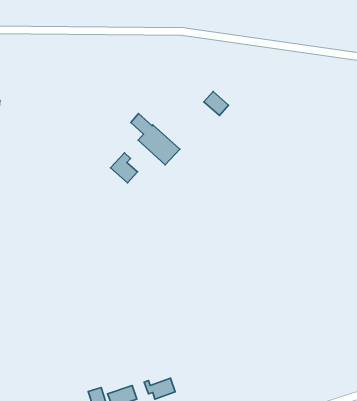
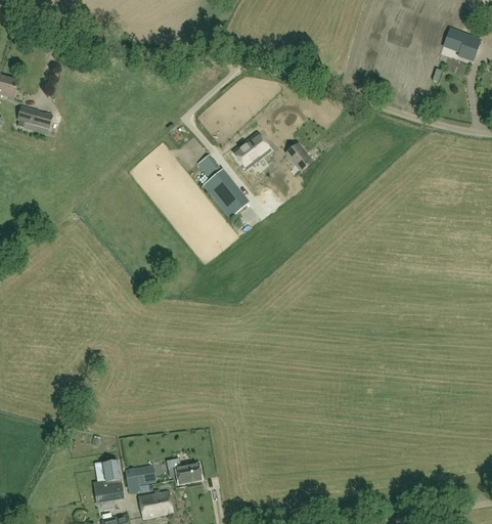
building: none -> [233,132,270,167]
building: [110,153,138,183] -> none

